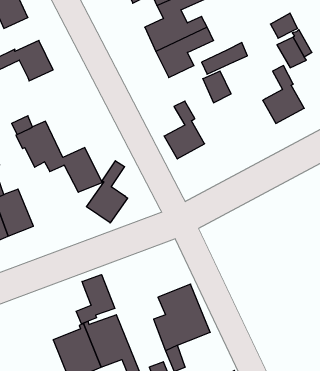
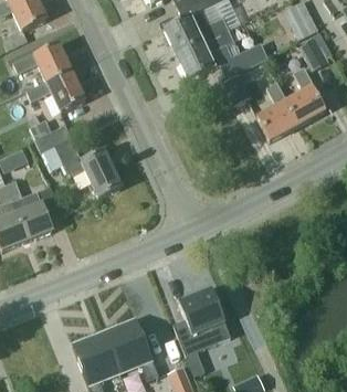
building: none -> [24,72,84,112]
building: [164,101,205,159] -> [255,83,296,141]
building: [86,161,128,223] -> none
building: [76,275,115,324] -> none

